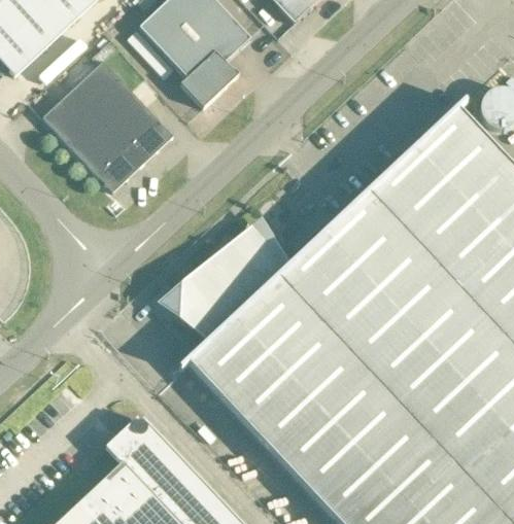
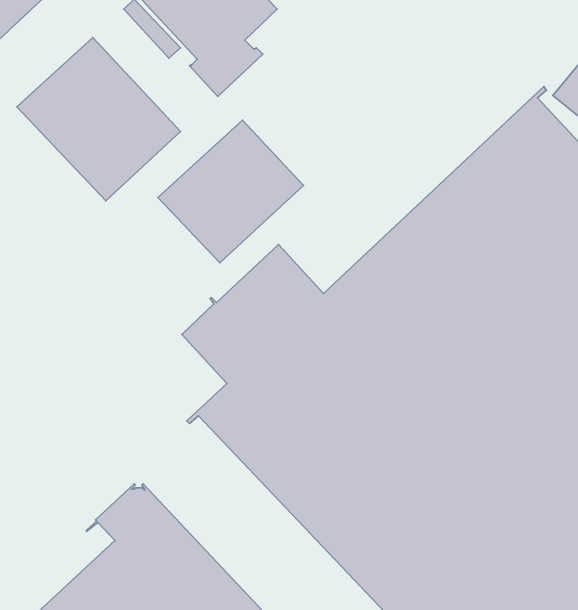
building: none -> [158,120,303,263]

